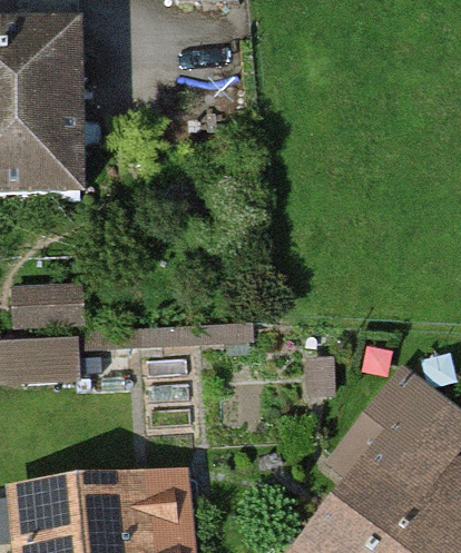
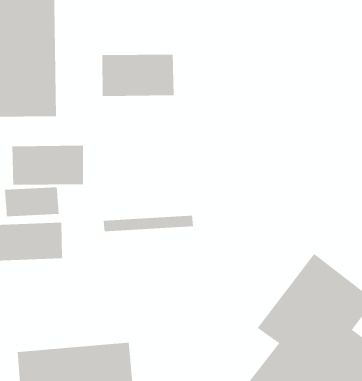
building: none -> [102,54,174,97]
building: none -> [12,145,84,186]

